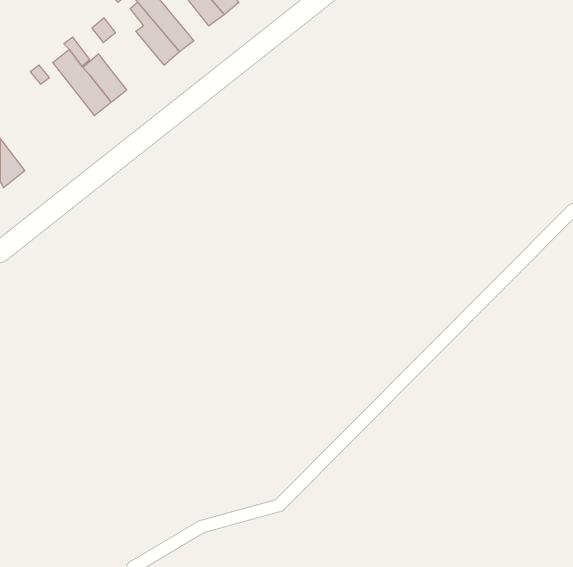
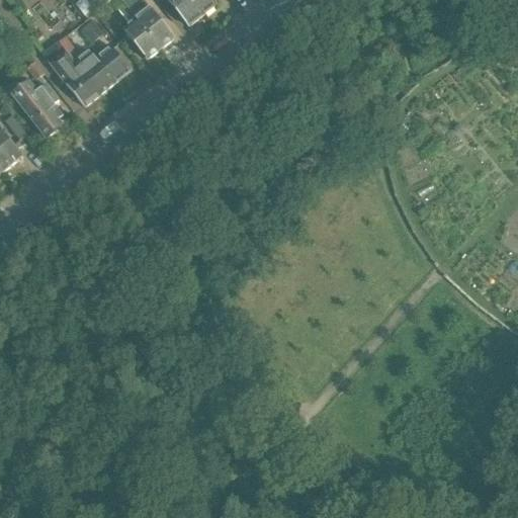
building: none -> [95,44,132,81]
building: none -> [9,74,62,137]

